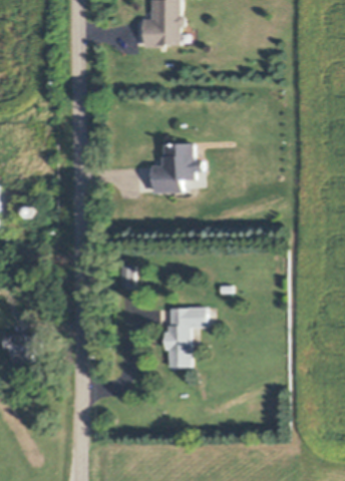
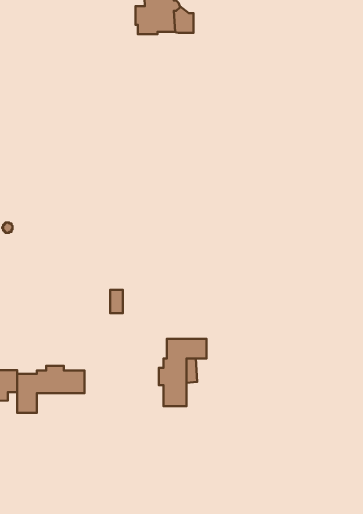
building: [151,143,202,190] -> none
building: none -> [17,366,85,413]

